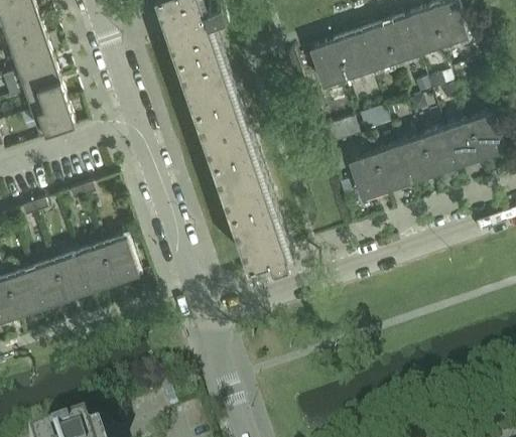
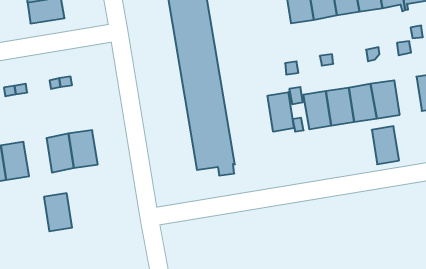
building: [443,123,479,167] -> [372,126,399,164]
building: none -> [268,92,294,132]
building: [51,257,88,301] -> [44,193,72,231]

